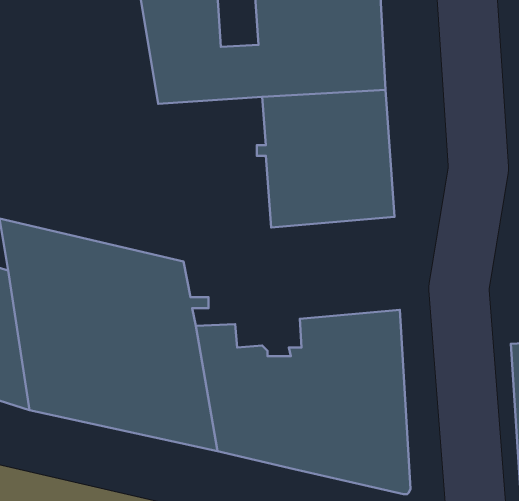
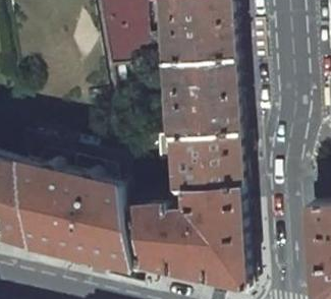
building: none -> [153,134,242,193]

